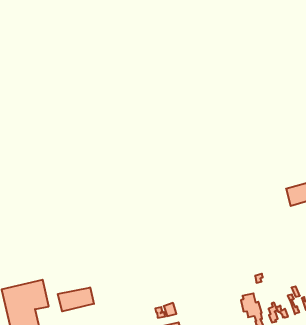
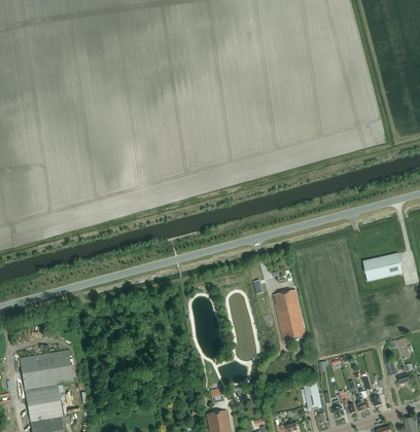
building: none -> [273,289,306,341]
building: [58,287,94,311] -> none

